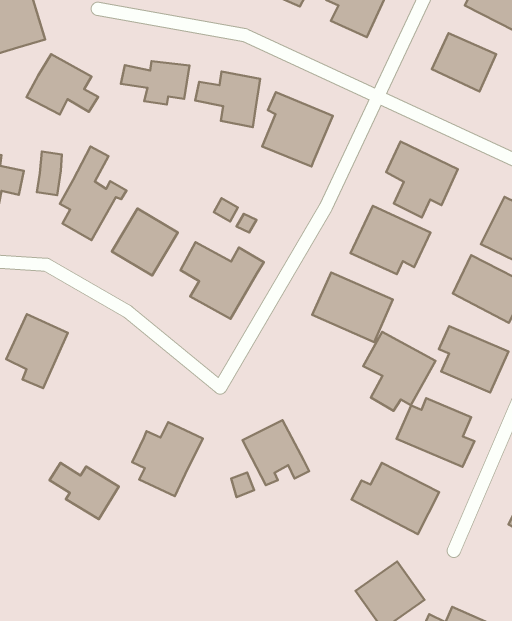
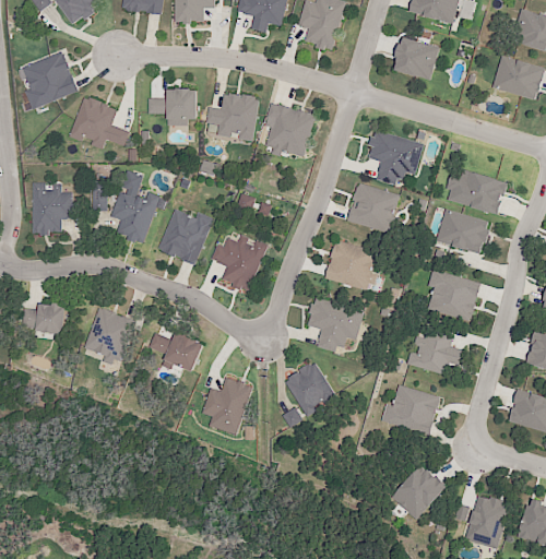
building: [363,332,436,411] -> [306,290,363,352]
building: [50,463,119,519] -> [145,331,201,371]

